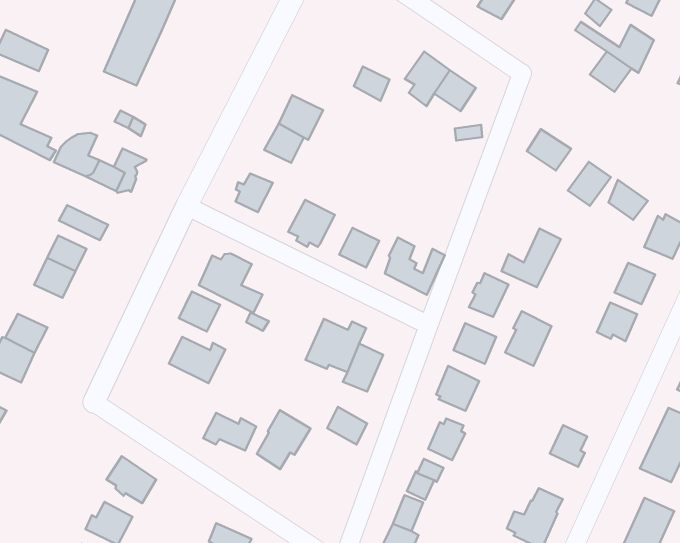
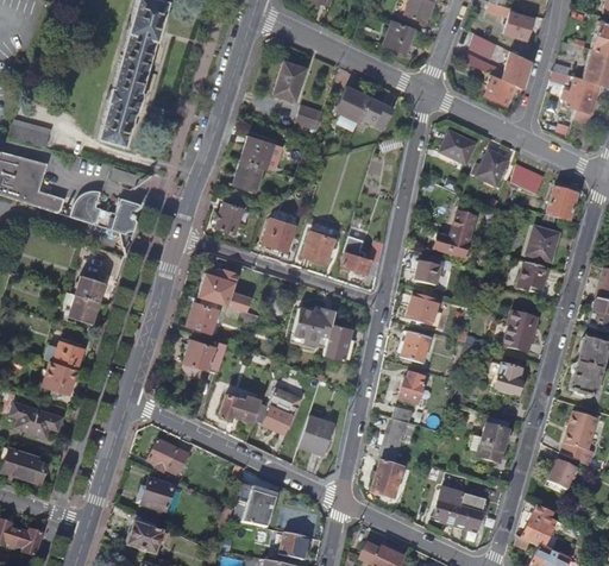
building: none -> [276,59,307,99]
building: [505,311,551,366] -> [506,310,539,352]
building: [327,407,367,444] -> [300,426,331,453]

